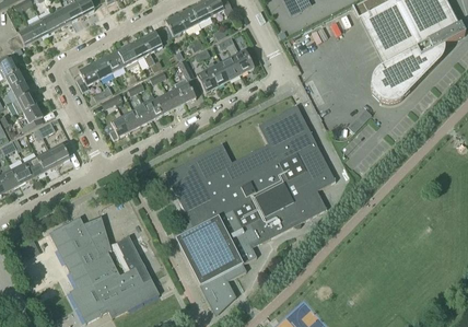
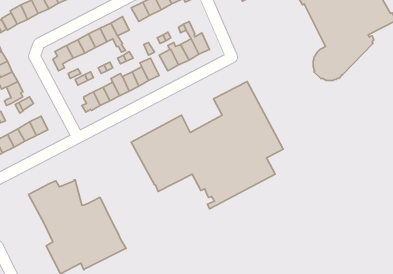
building: [173,209,259,311] -> none

